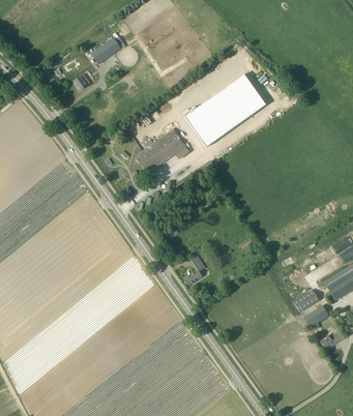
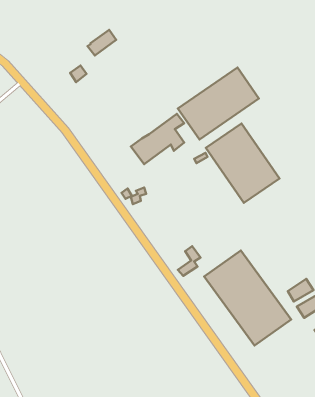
building: none -> [206,123,279,203]
building: none -> [204,250,291,346]

